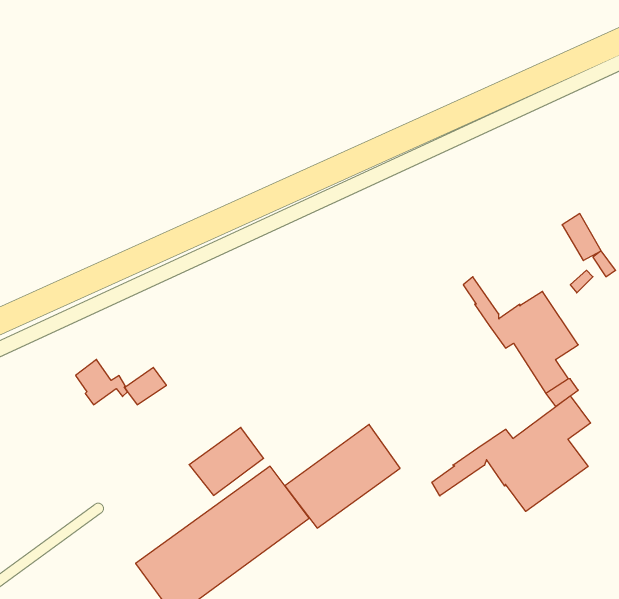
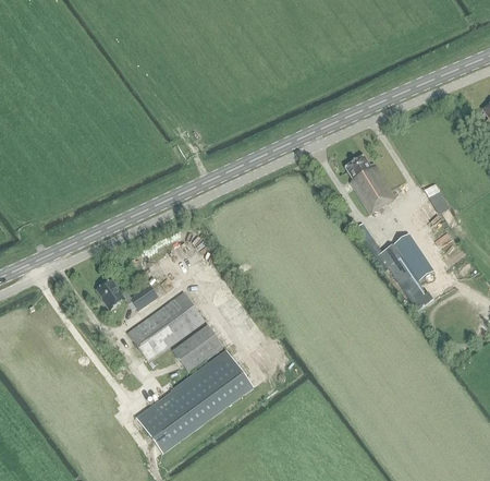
building: none -> [345,155,395,214]
building: [432,396,591,511] -> none
building: [285,424,400,528] -> [126,291,204,361]

